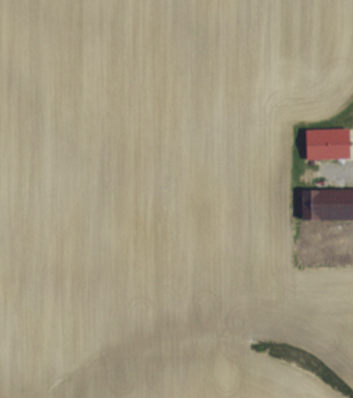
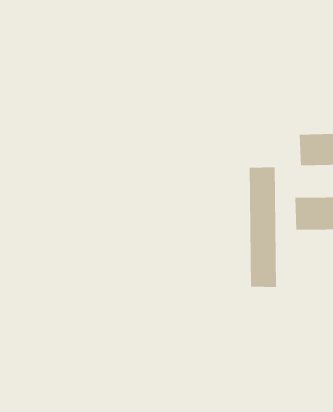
building: none -> [249,167,277,288]

